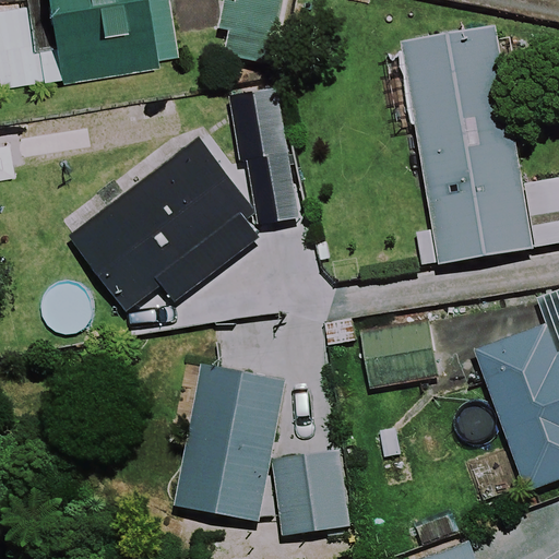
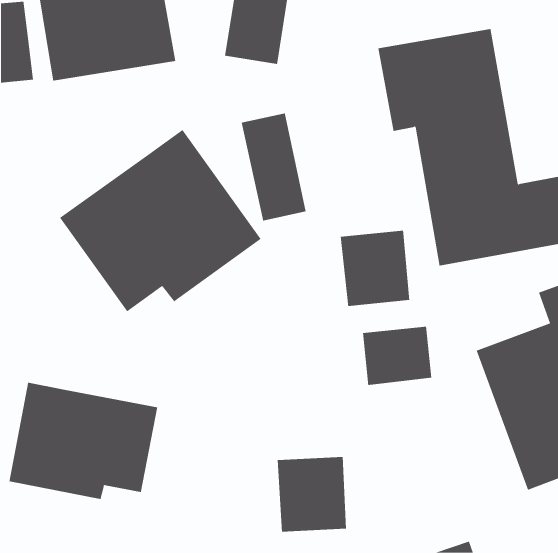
building: none -> [340,230,410,307]
building: [171,360,284,521] -> none
building: none -> [9,382,158,500]

